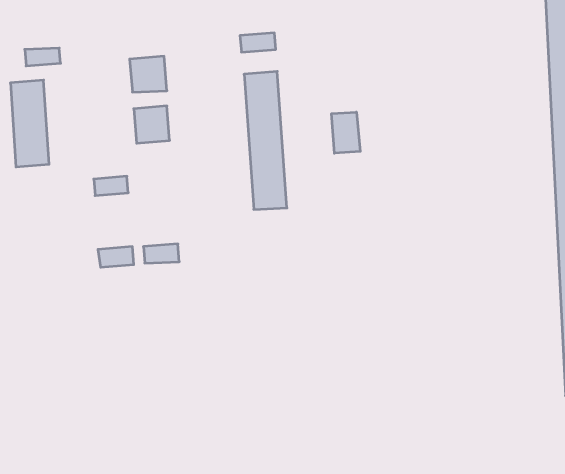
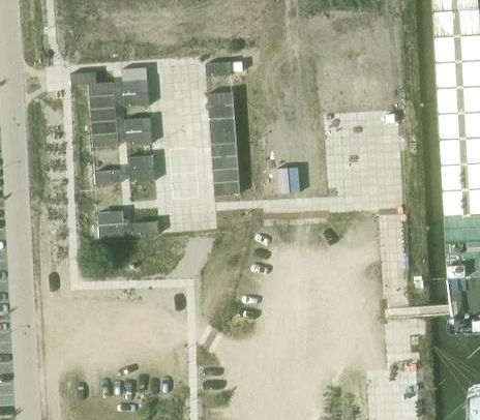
building: [10,80,49,167] -> [89,81,118,146]
building: [332,112,360,153] -> none
building: none -> [128,154,155,181]

